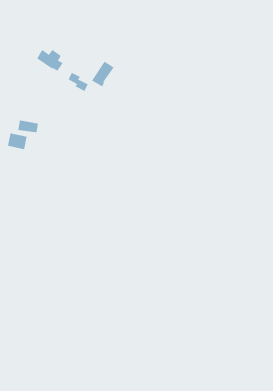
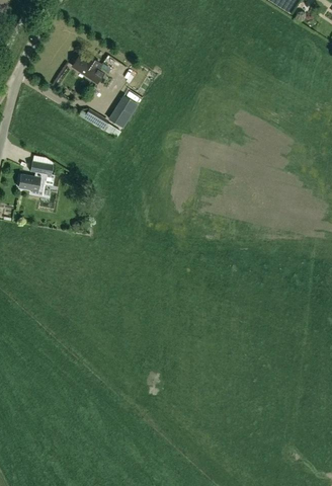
building: [36,49,63,72] -> [73,58,102,82]

